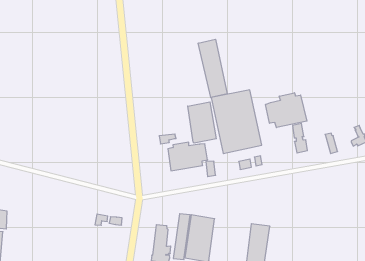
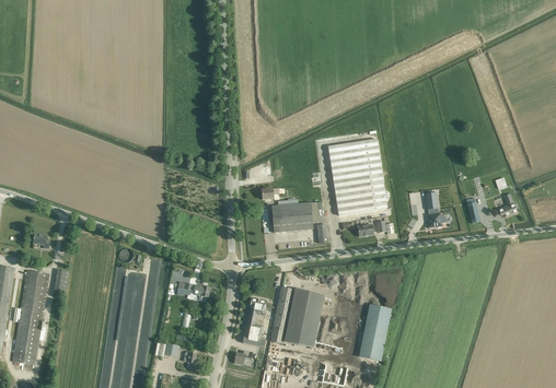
building: [198,39,227,98] -> none
building: [266,93,307,128] -> none
building: [188,102,216,143] -> none

